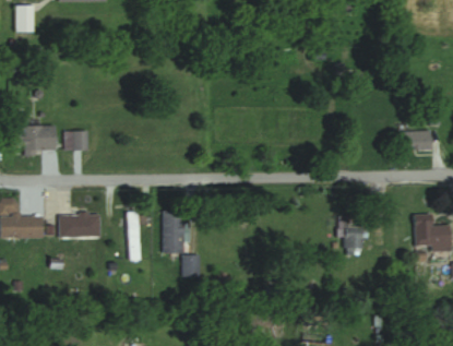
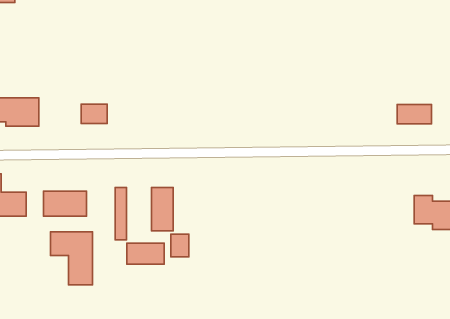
building: [63,131,88,150] -> [81,104,107,123]
building: [345,222,362,249] -> none
building: none -> [50,232,92,285]
building: none -> [127,243,164,264]

